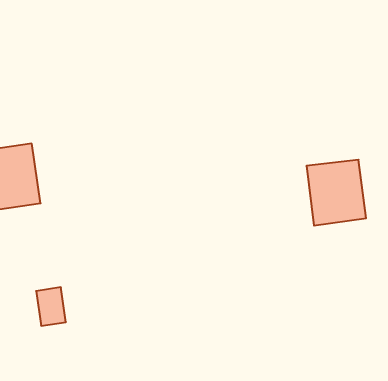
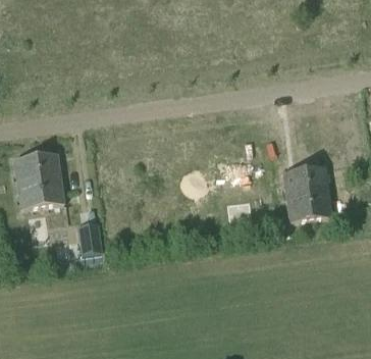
building: [36,287,66,326] -> [77,222,102,254]

